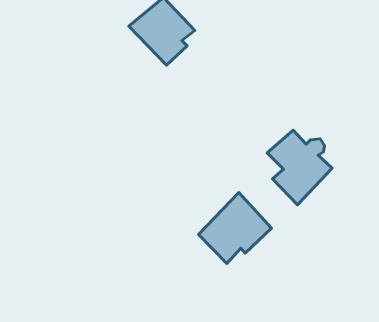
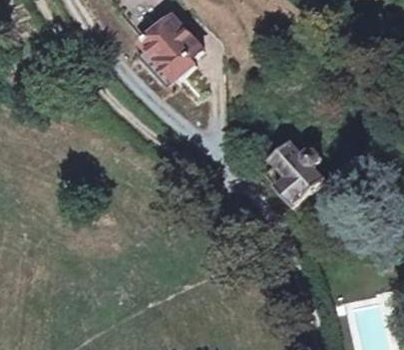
building: [199,193,271,264] -> none

